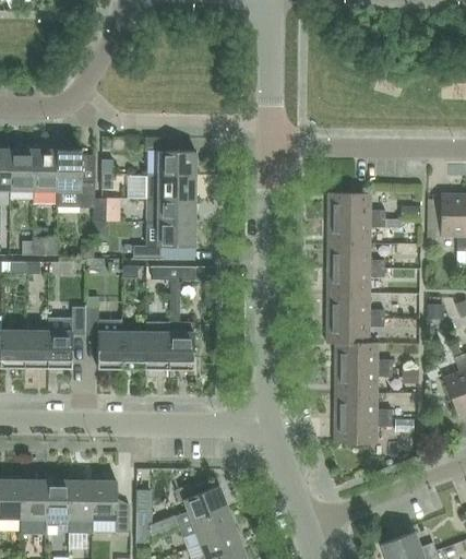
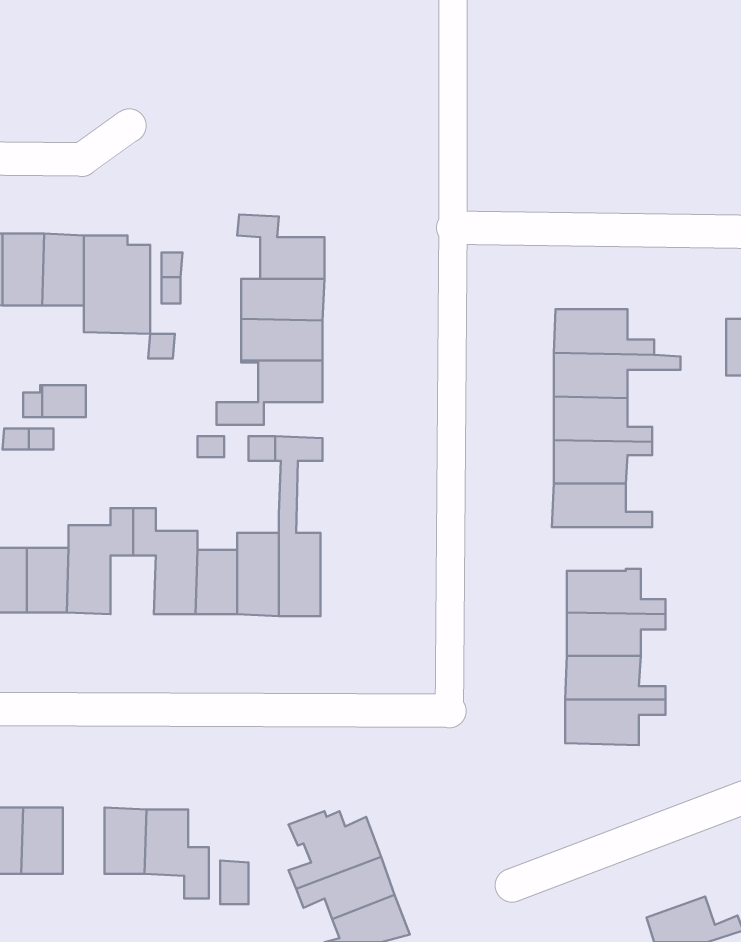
building: [326,319,384,344] -> none
building: [45,480,69,532] -> none

